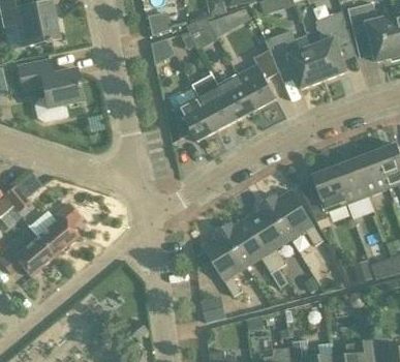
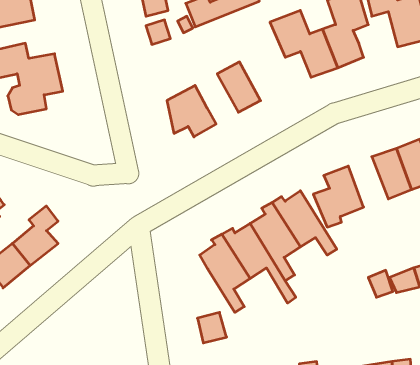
building: [238,49,278,109] -> none
building: [192,73,237,129] -> none
building: [334,158,369,203] -> none

